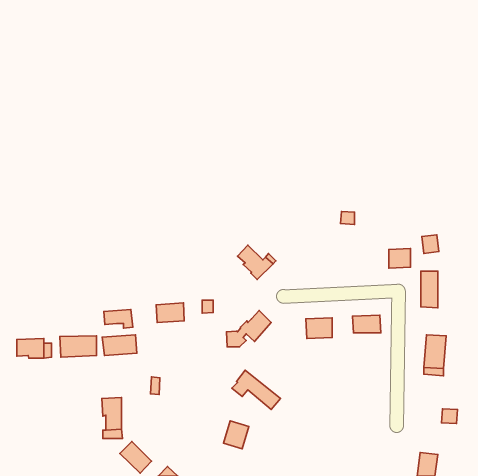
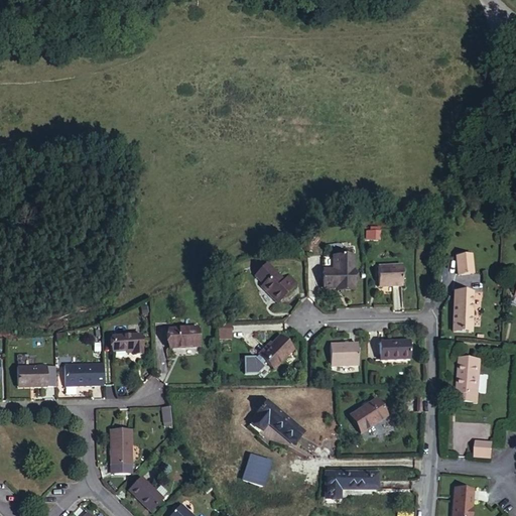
building: none -> [324,255,354,288]
building: [389,249,410,268] -> [379,265,402,286]
building: [102,335,137,355] -> none
building: none -> [349,397,386,432]
building: none -> [328,472,379,497]

